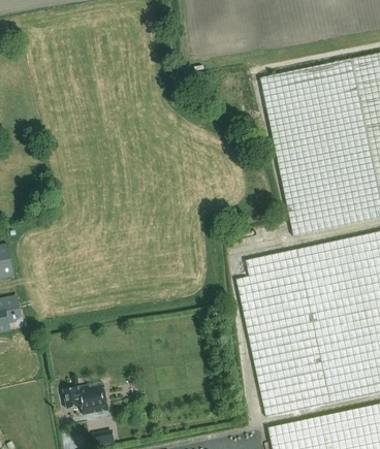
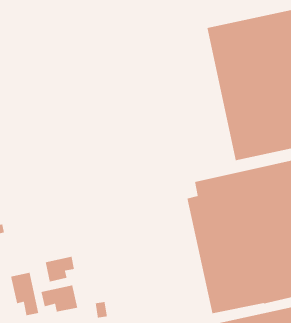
building: none -> [45,256,75,282]
building: none -> [10,272,39,316]

